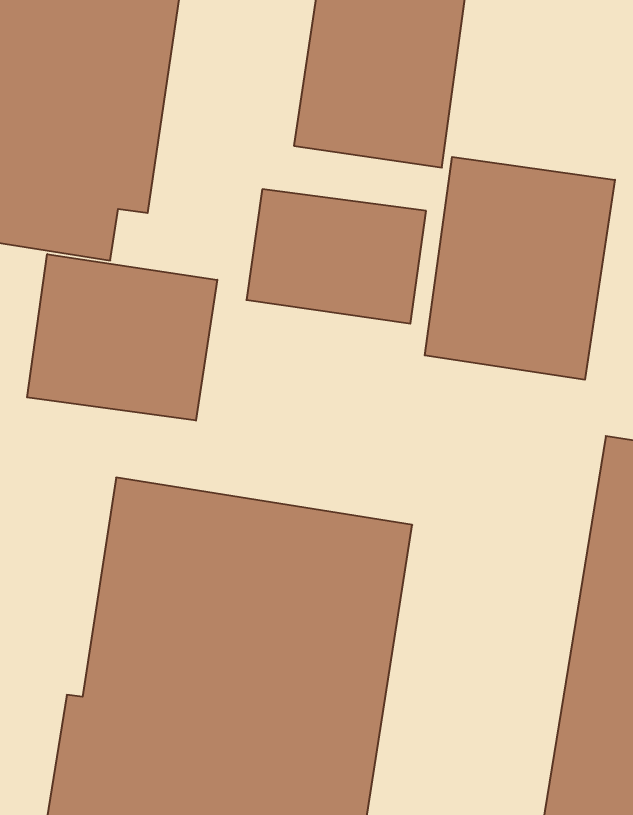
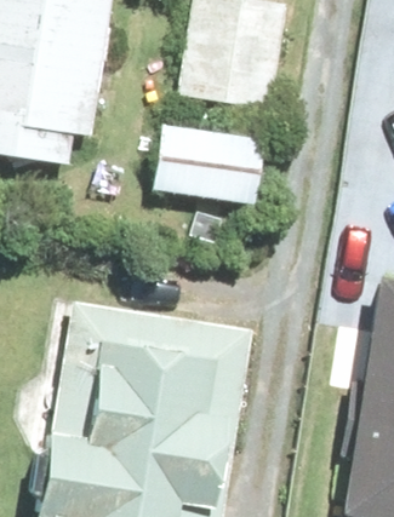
building: [425,157,615,380] -> none
building: [27,254,217,421] -> none

